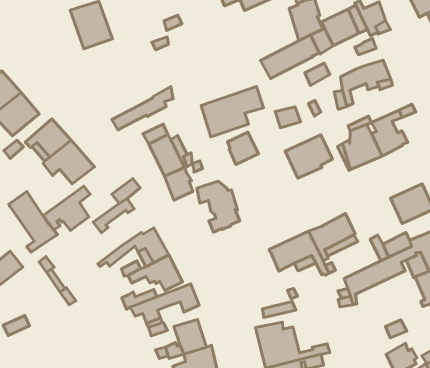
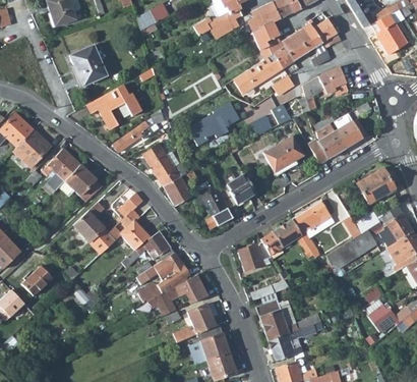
building: none -> [86,85,141,129]
building: [227,132,259,165] -> [229,175,256,204]
building: [9,191,58,252] -> none
building: none -> [119,219,150,250]
building: none -> [238,241,271,270]

